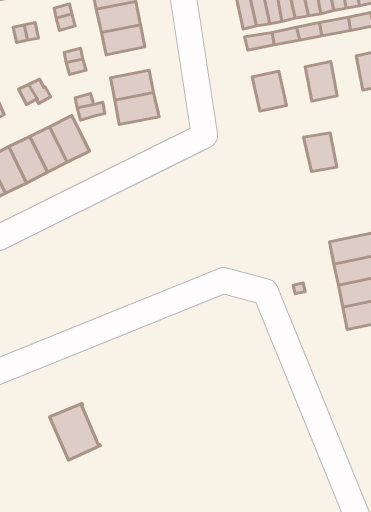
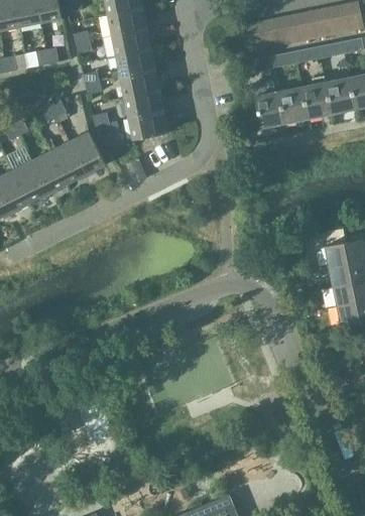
building: none -> [120,70,159,98]
building: none -> [325,78,354,114]
building: [304,133,337,171] -> [277,88,308,123]

